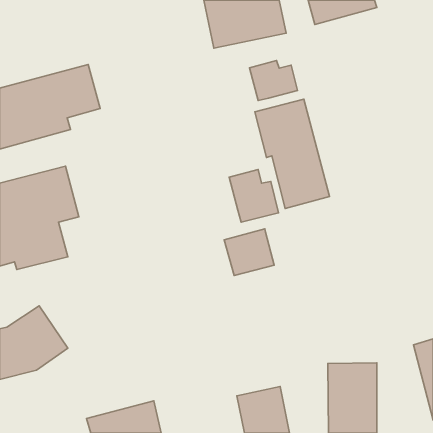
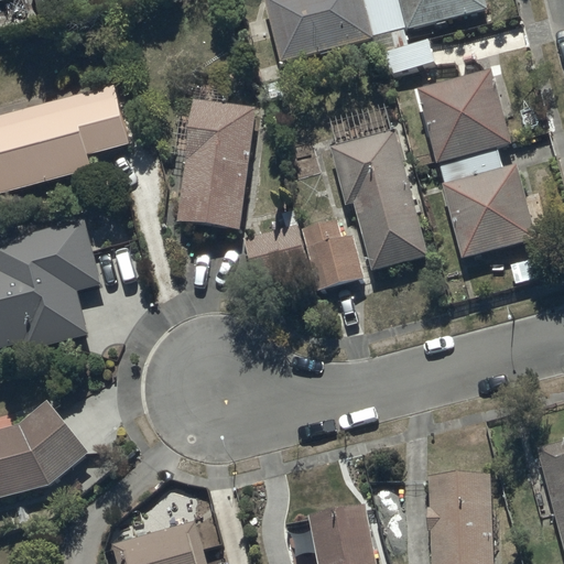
building: none -> [417,69,544,260]
building: [249,60,298,101] -> none
building: none -> [177,100,256,231]
building: [224,229,274,275] -> [243,226,308,286]

